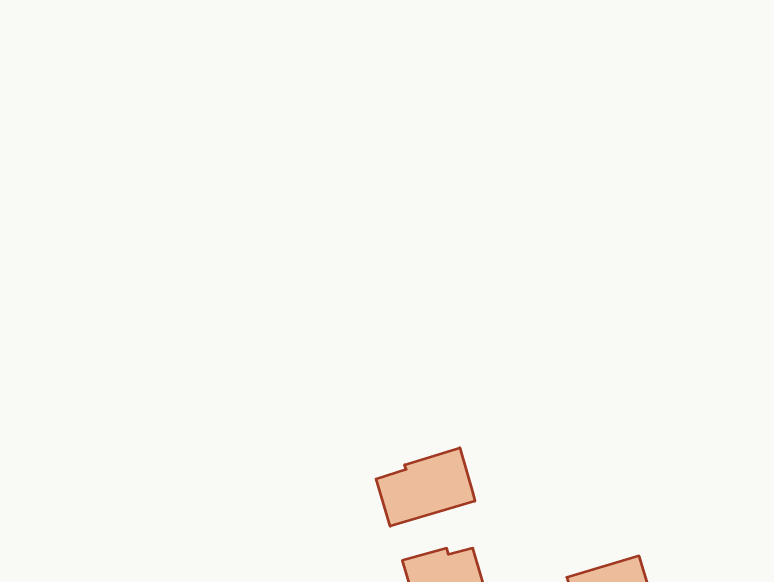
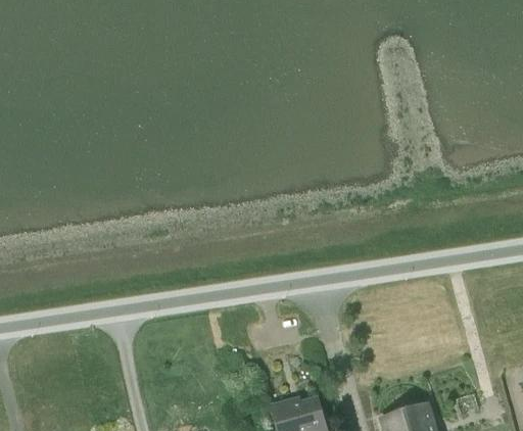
building: [376,448,475,526] -> none

